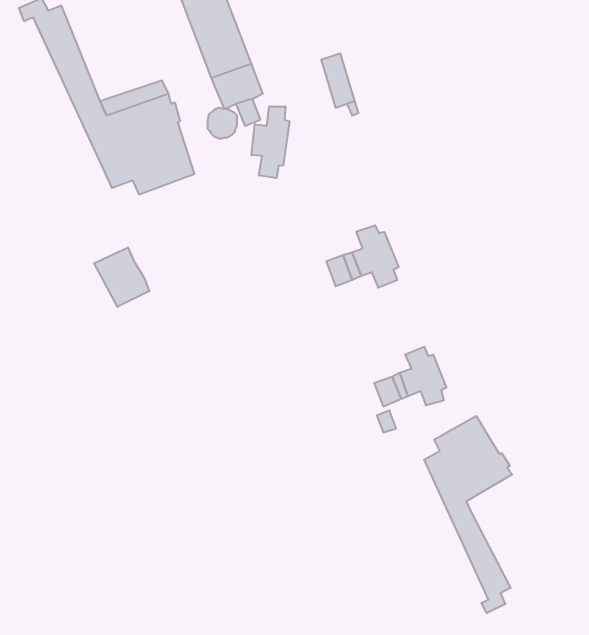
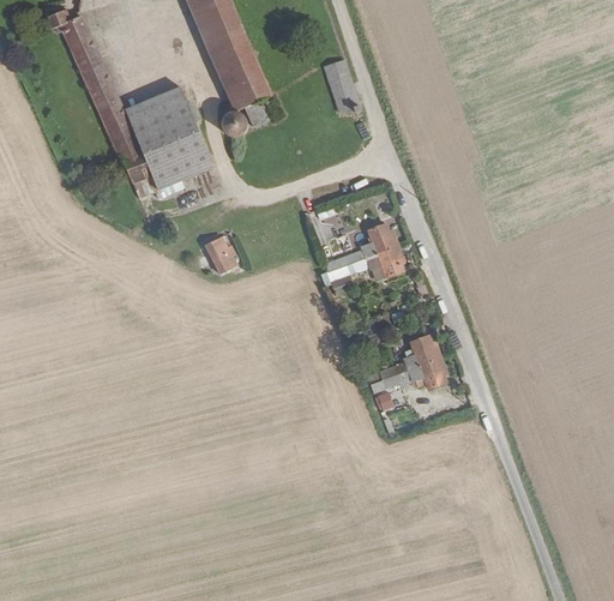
building: [252,106,289,178] -> none
building: none -> [206,238,240,277]
building: [94,247,149,307] -> none
building: [424,416,512,613] -> none

